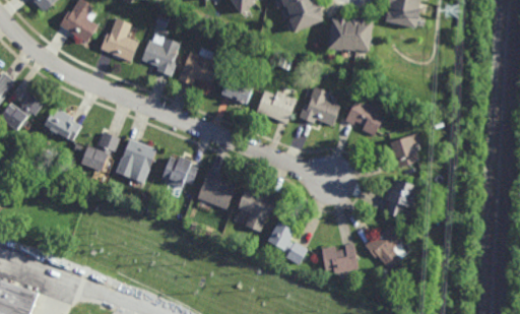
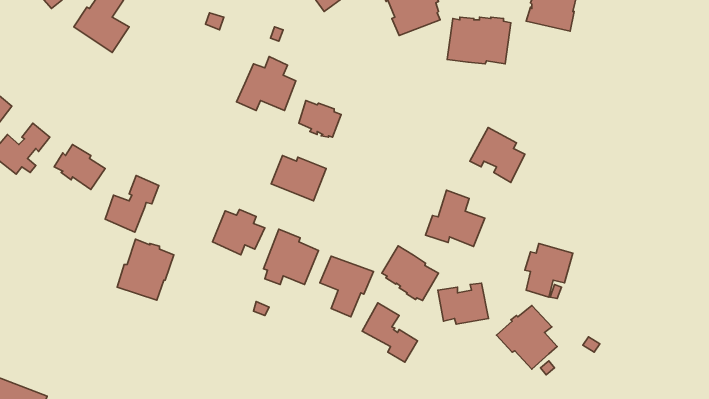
building: [100,18,138,62] -> none
building: [141,35,179,77] -> none
building: [297,86,339,127] -> [425,190,485,247]
building: [255,91,295,124] -> [271,156,326,201]
building: [388,134,418,169] -> none
building: [116,139,156,183] -> [117,239,174,300]
building: none -> [382,246,439,301]
building: [320,245,356,274] -> [438,283,489,324]

